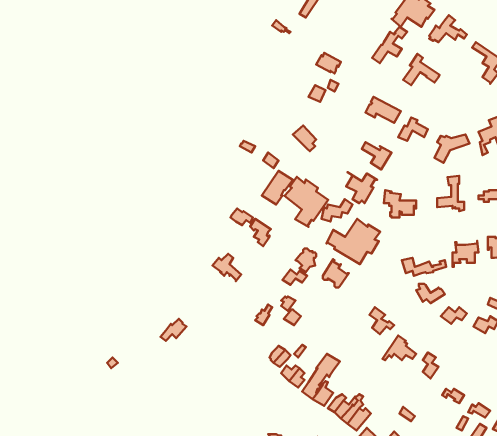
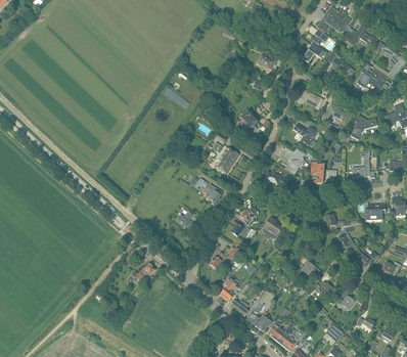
building: none -> [357,61,388,88]
building: [284,177,328,227] -> none
building: [326,219,380,264] -> none

